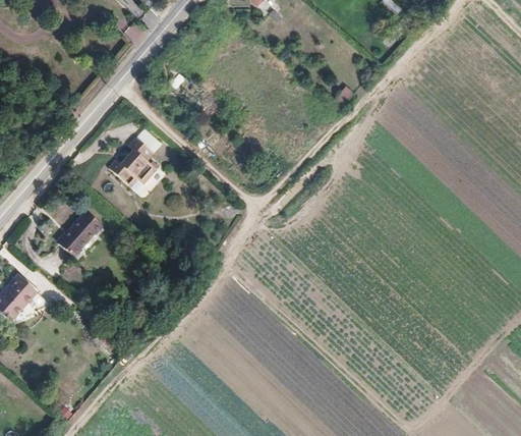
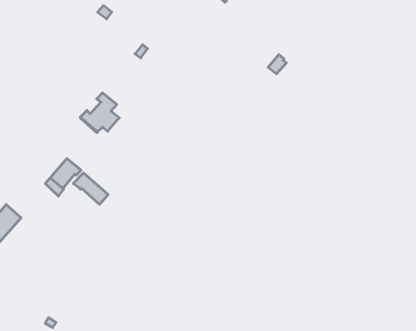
building: none -> [73,173,108,204]

